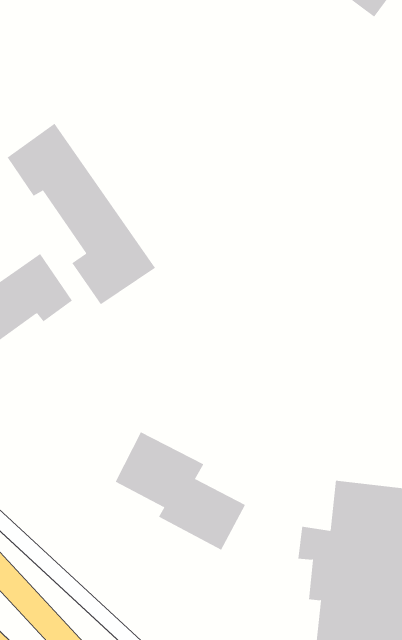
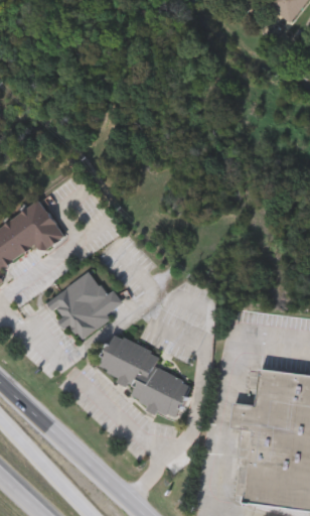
building: [7,123,156,305] -> none
building: none -> [45,273,125,340]

